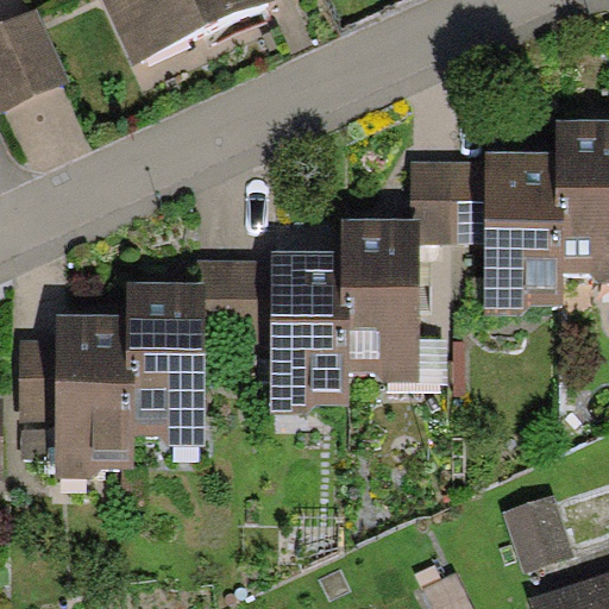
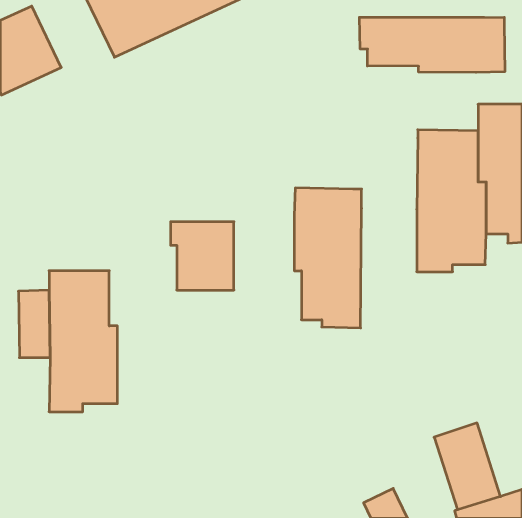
building: none -> [359,17,505,72]
building: [412,161,486,244] -> none
building: [271,251,351,413] -> none
building: [127,285,206,444] -> none

